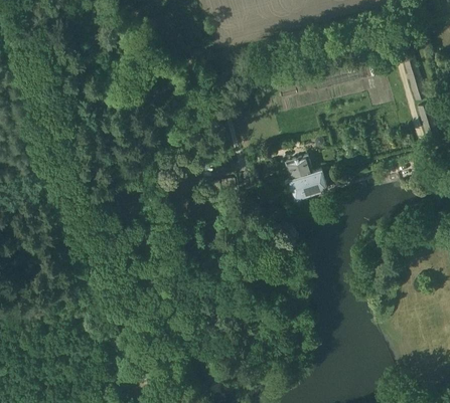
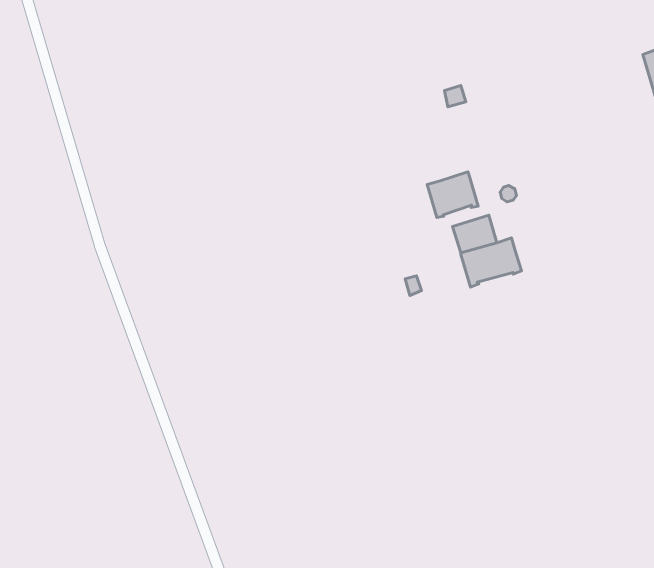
building: none -> [427,172,478,217]

